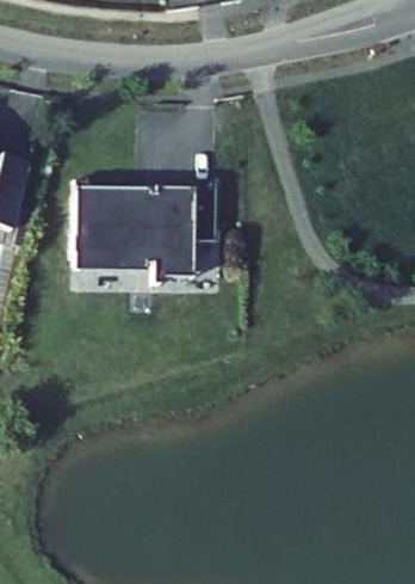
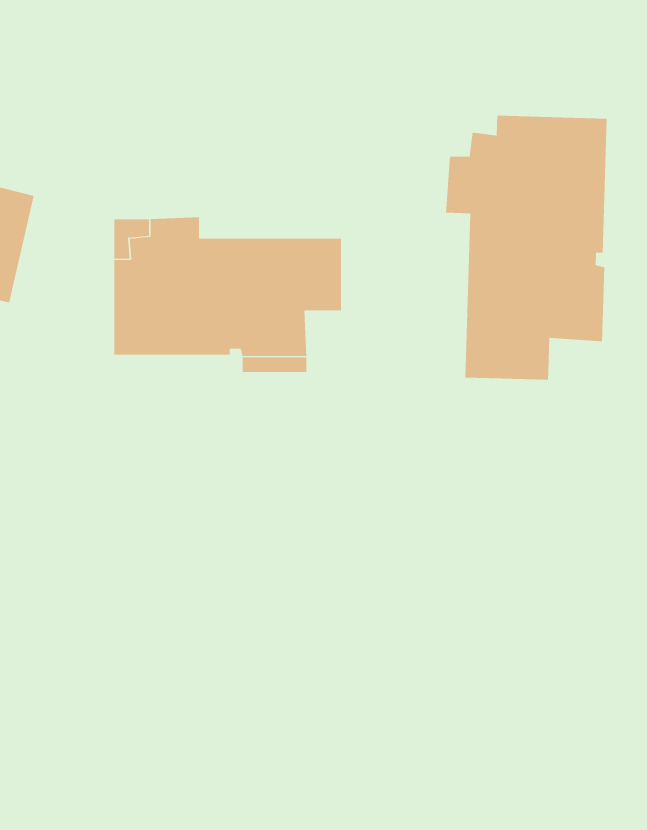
building: none -> [445,115,607,381]

